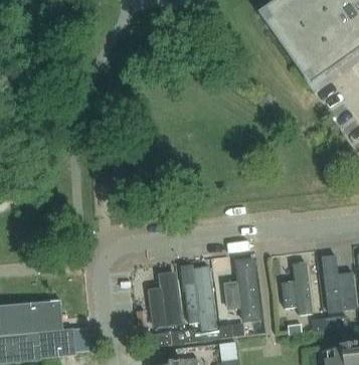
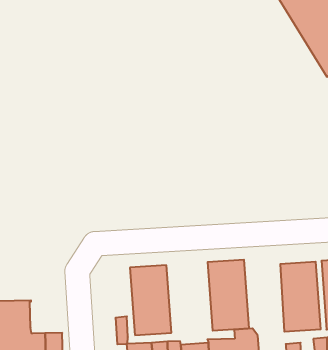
building: [180,257,220,322] -> none

